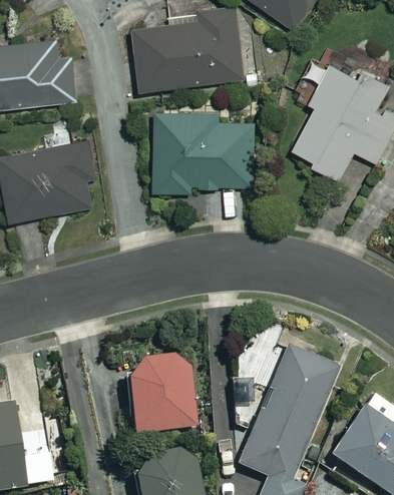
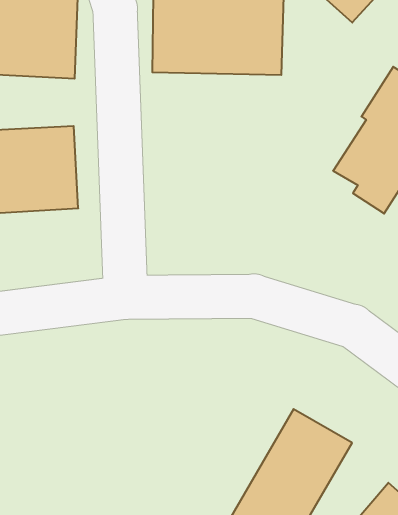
building: [153,112,253,192] -> none
building: [128,352,198,432] -> none

